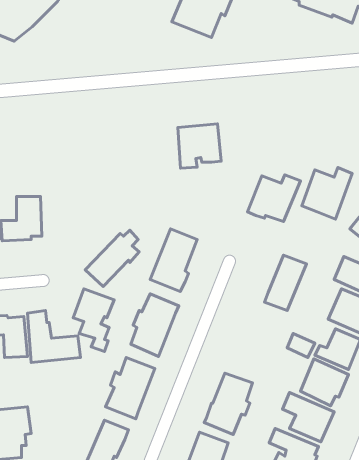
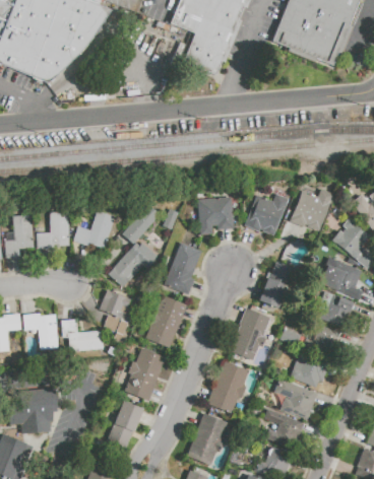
building: [178,124,221,168] -> [197,196,234,233]
building: none -> [121,204,161,245]
building: none -> [72,210,115,248]
building: none -> [229,306,270,361]

